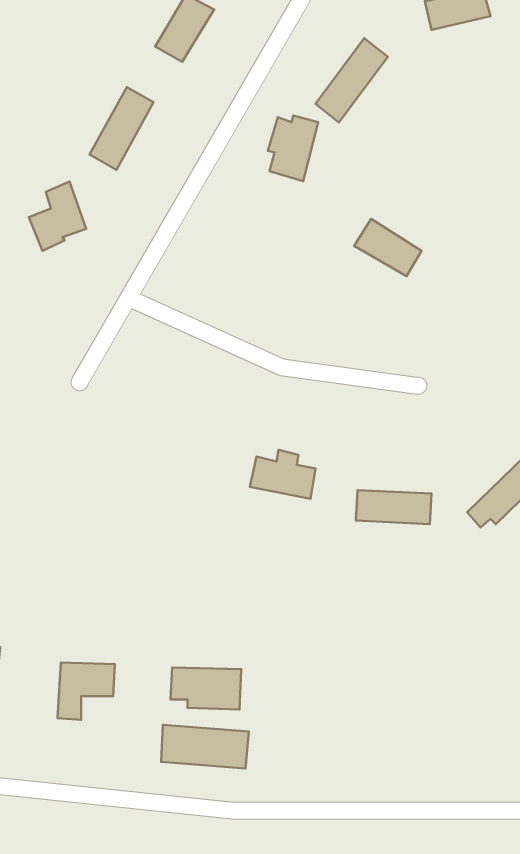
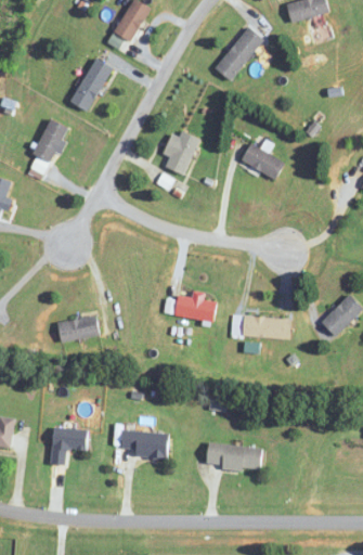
building: [268,115,318,181] -> [164,131,196,173]
building: none -> [57,315,99,341]
building: [161,725,249,769] -> [206,442,262,470]

